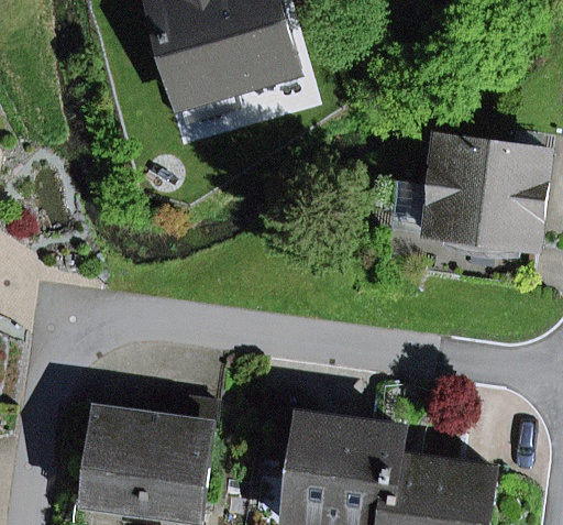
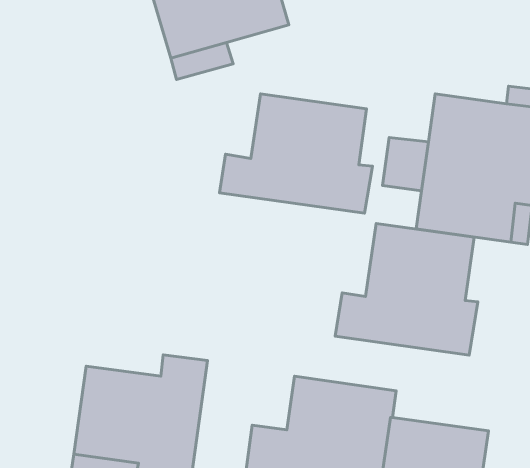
building: none -> [219,94,372,213]
building: none -> [335,223,478,355]

